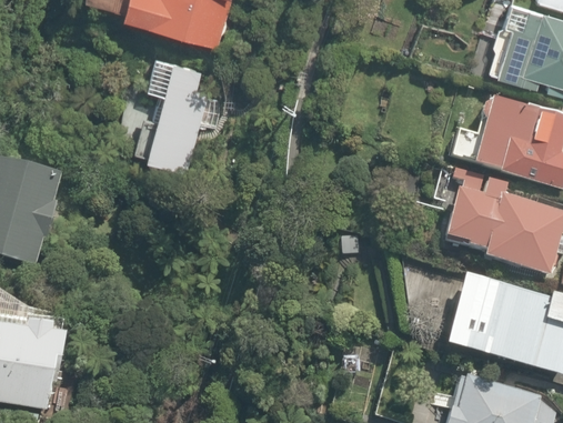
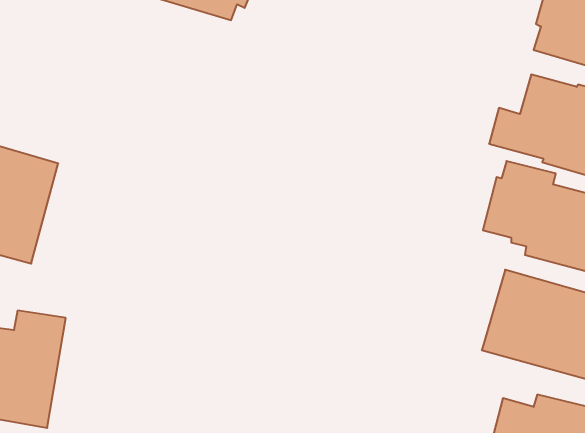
building: [129,54,225,171] -> none

